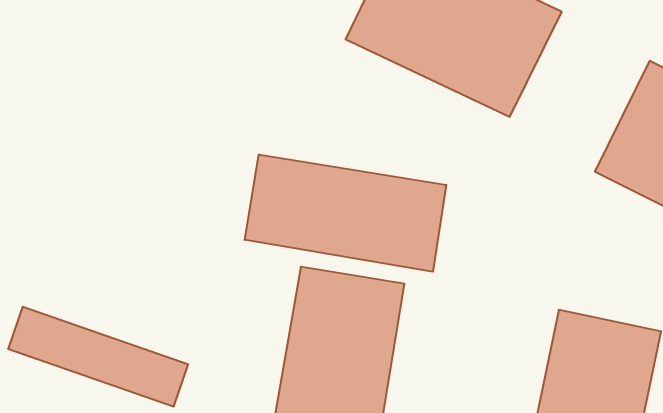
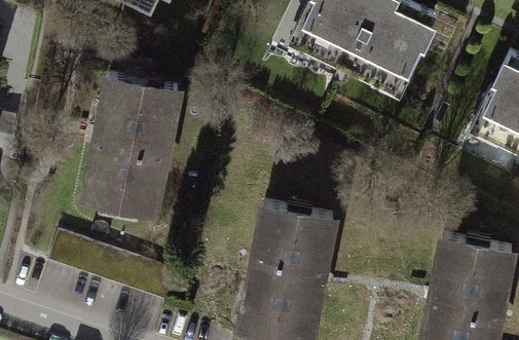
building: none -> [85,71,182,210]
building: [245,154,446,272] -> none

